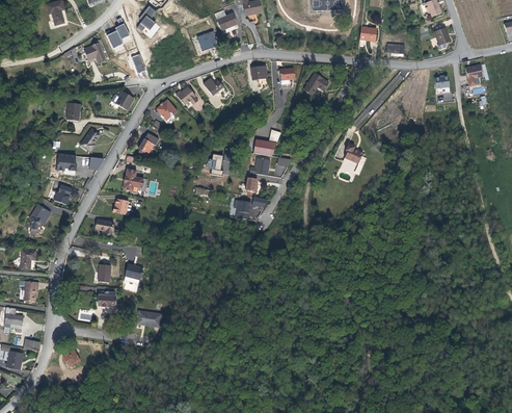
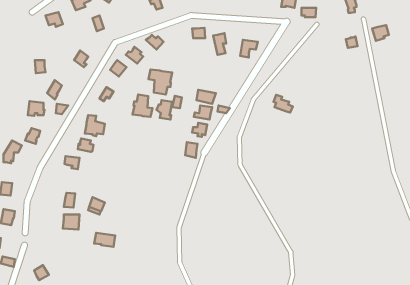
building: none -> [148,70,172,94]
building: none -> [133,95,153,117]

